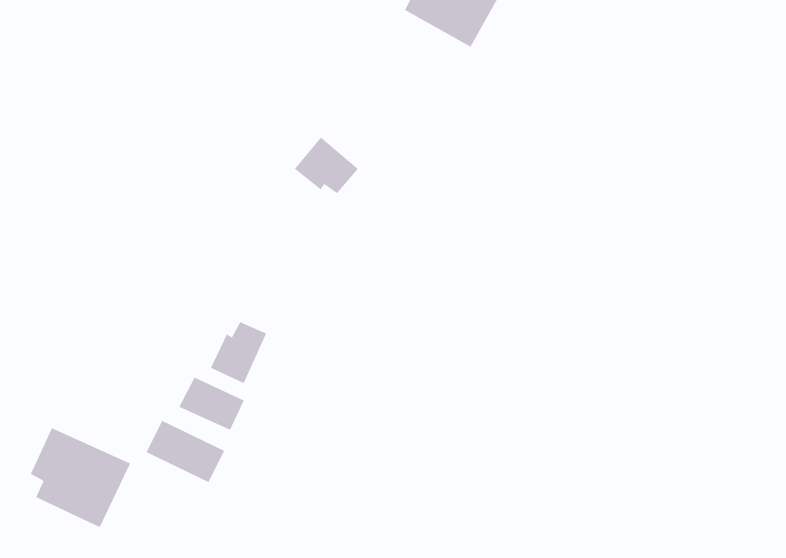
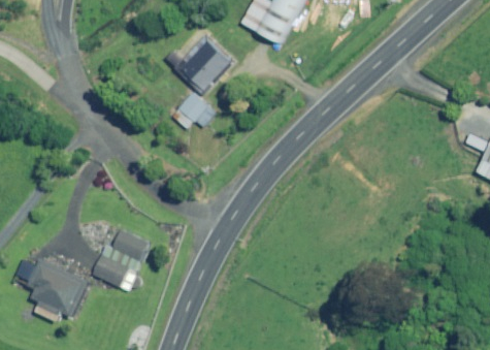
building: none -> [172,34,234,96]
building: [210,321,267,384] -> none

